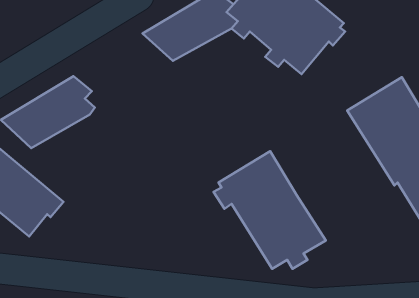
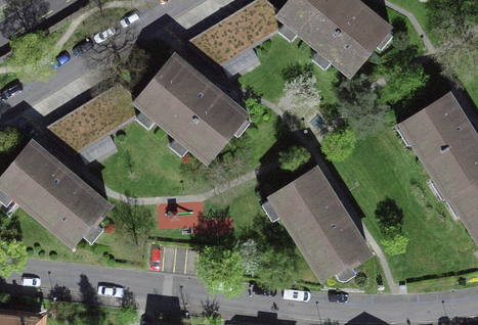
building: none -> [130,54,249,168]

